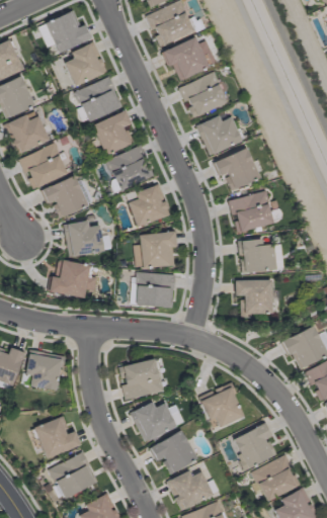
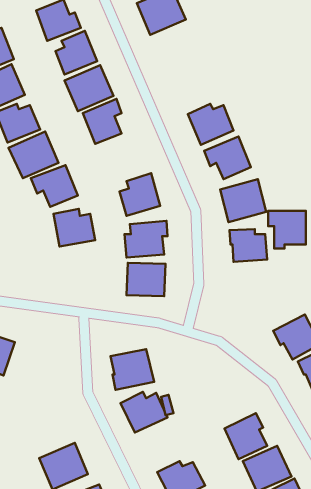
building: [162,37,217,80] -> none
building: [179,73,227,116] -> none
building: [106,145,152,191] -> none
building: [47,260,96,297] -> none
building: [235,280,272,318] -> [268,211,306,249]
building: [25,350,63,392] -> none
building: [199,382,244,427] -> none
building: [34,418,80,458] -> none
building: [149,430,197,474] -> none

